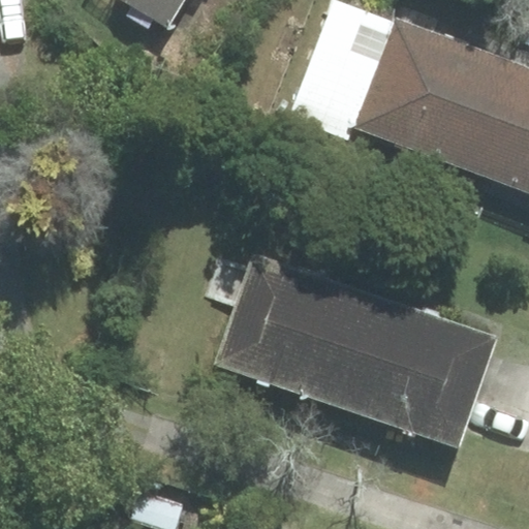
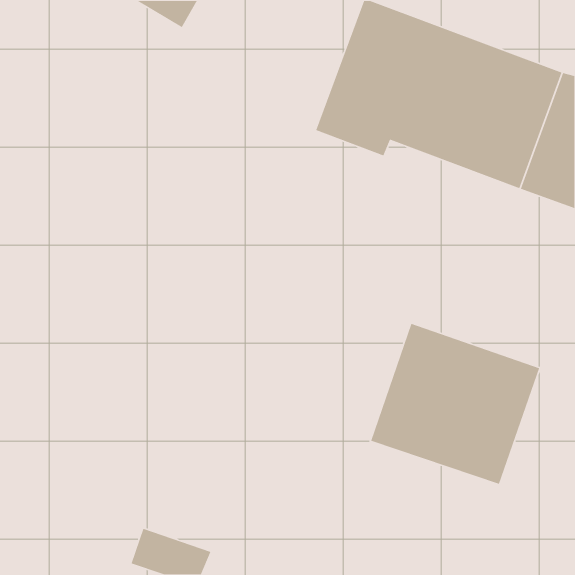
building: [218,255,377,405] -> none

